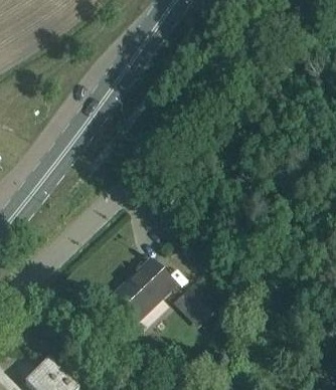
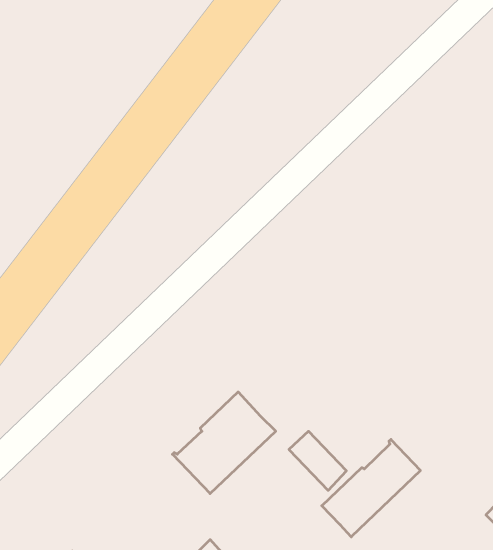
building: none -> [322,439,420,537]

